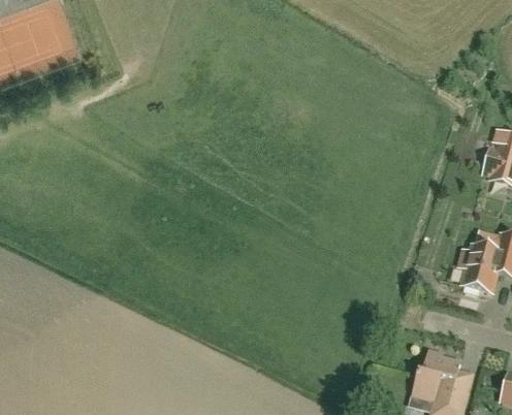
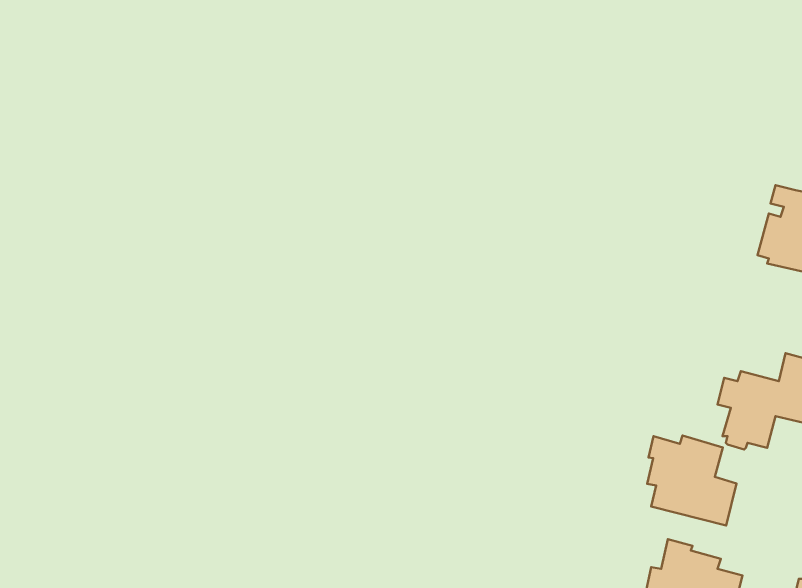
building: none -> [647,436,736,526]

